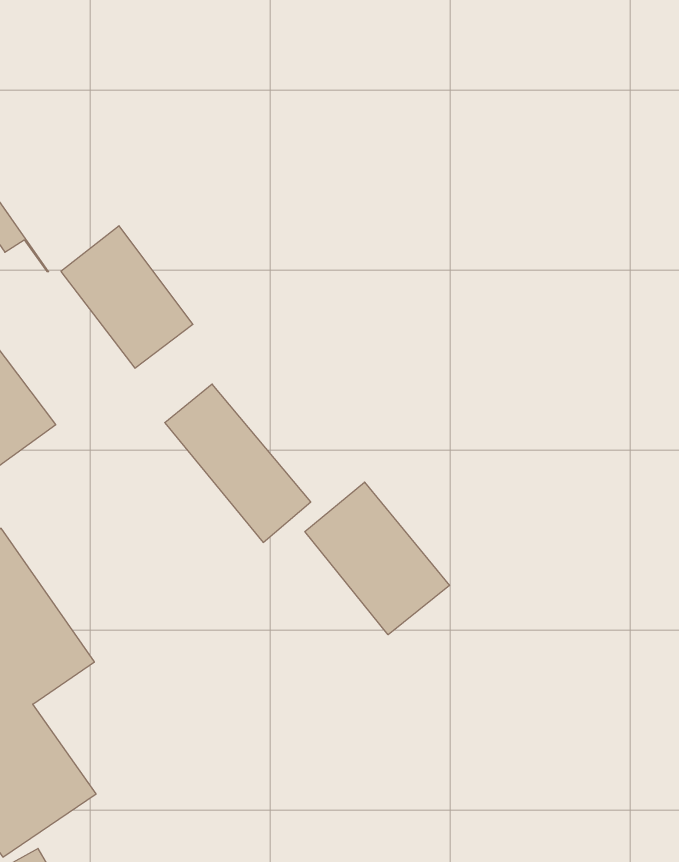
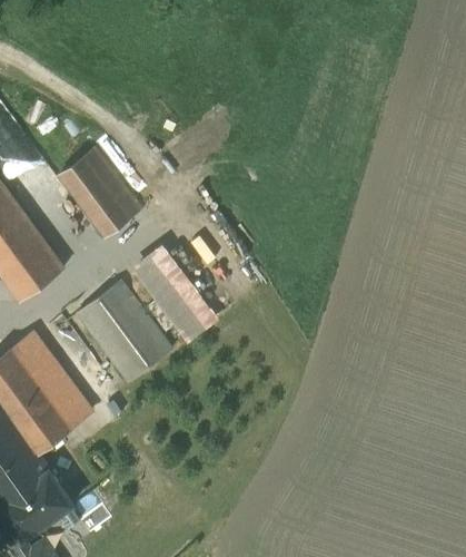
building: none -> [76,282,178,389]
building: [305,482,450,635] -> none

